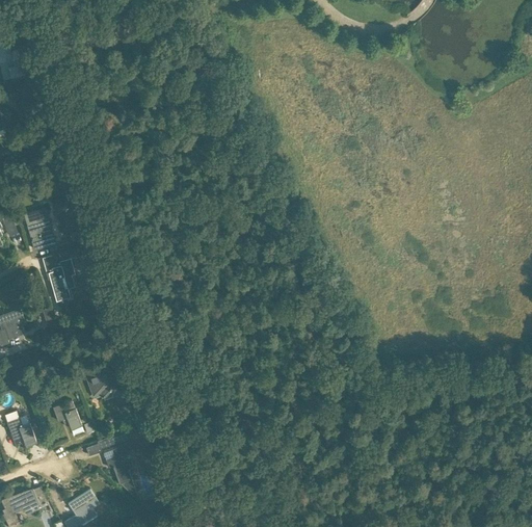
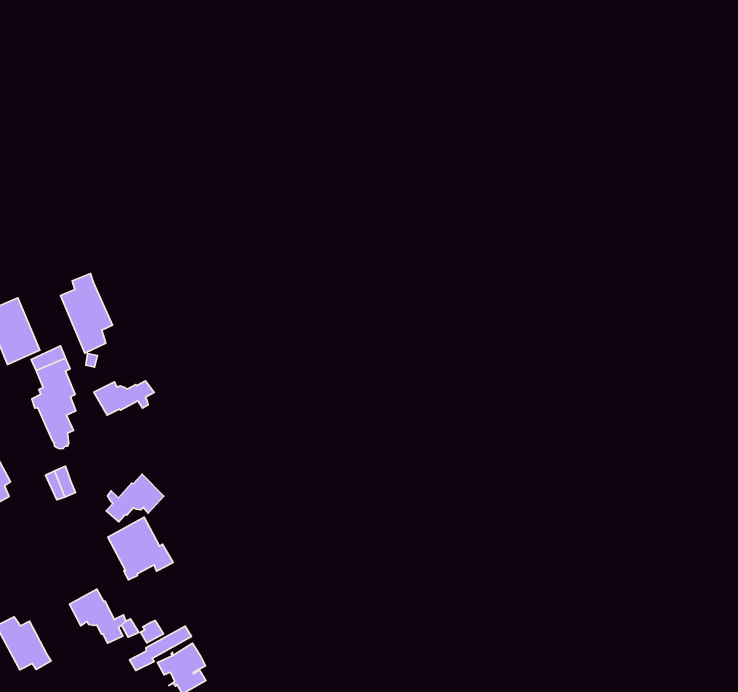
building: none -> [60,273,112,353]
building: none -> [94,381,154,415]
building: none -> [106,474,164,522]

